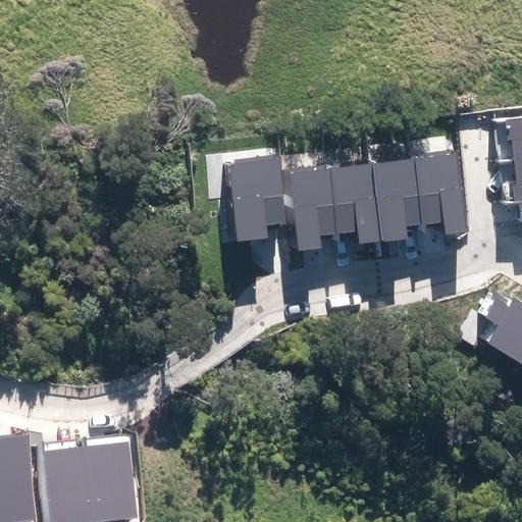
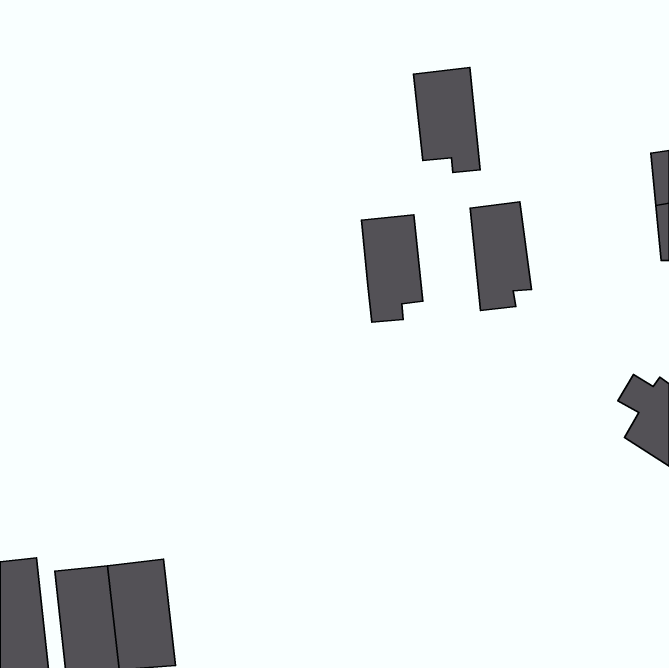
building: [405,152,466,234] -> none
building: [229,159,286,243] -> none
building: [322,163,374,245] -> [414,68,480,172]

